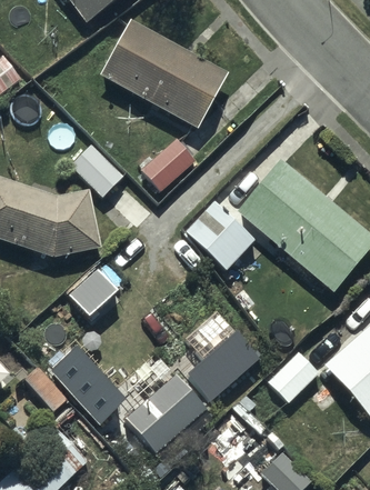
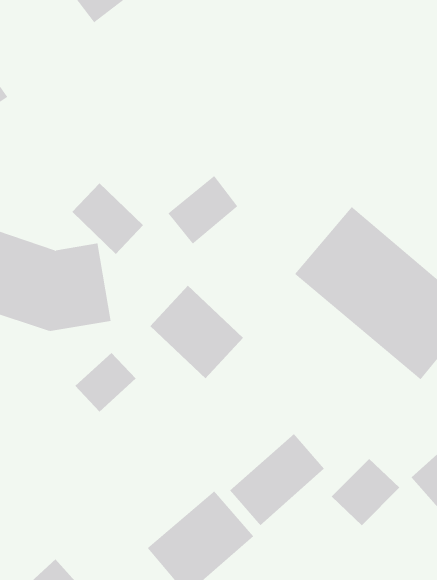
building: [99,17,229,148] -> none
building: [182,199,253,270] -> [150,285,244,379]
building: [50,351,124,427] -> none

